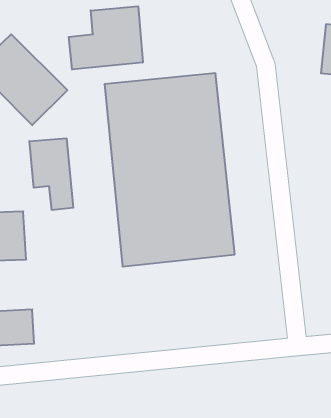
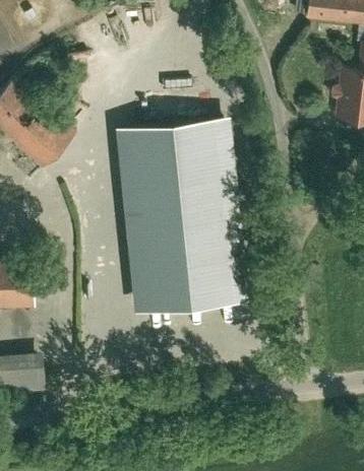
building: [69,6,143,70] -> none
building: [29,138,73,210] -> none

